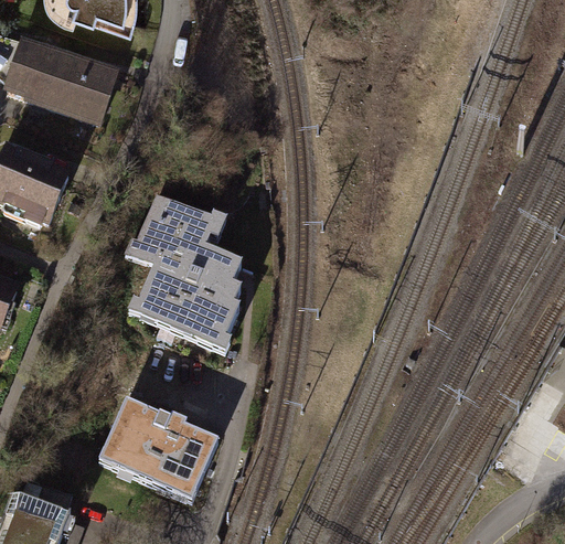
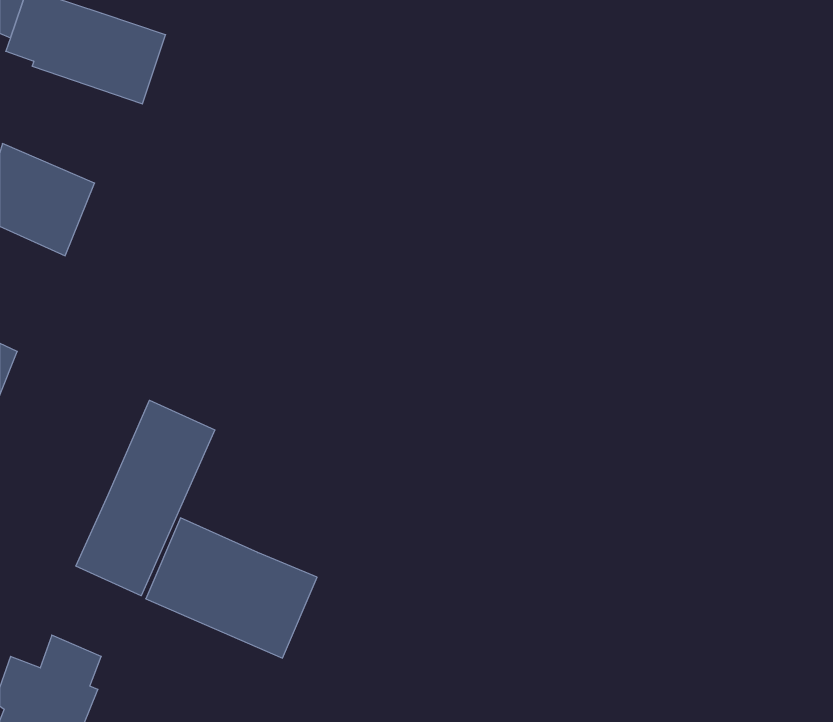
building: [134,199,239,348] -> none
building: none -> [76,400,215,596]

